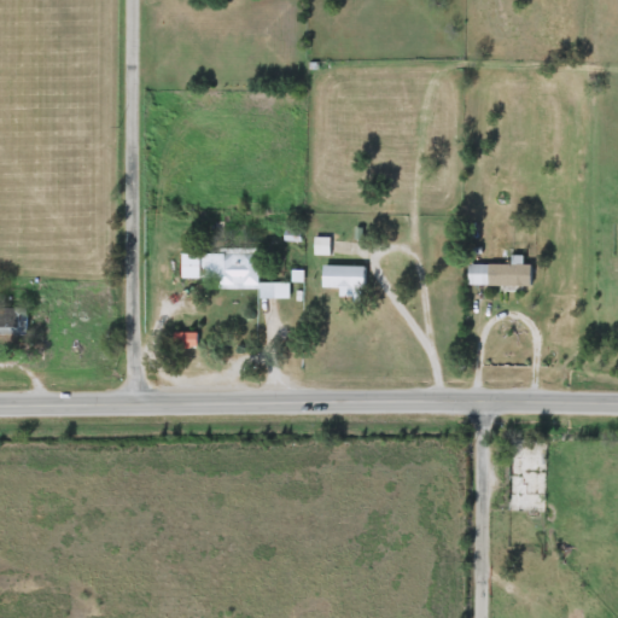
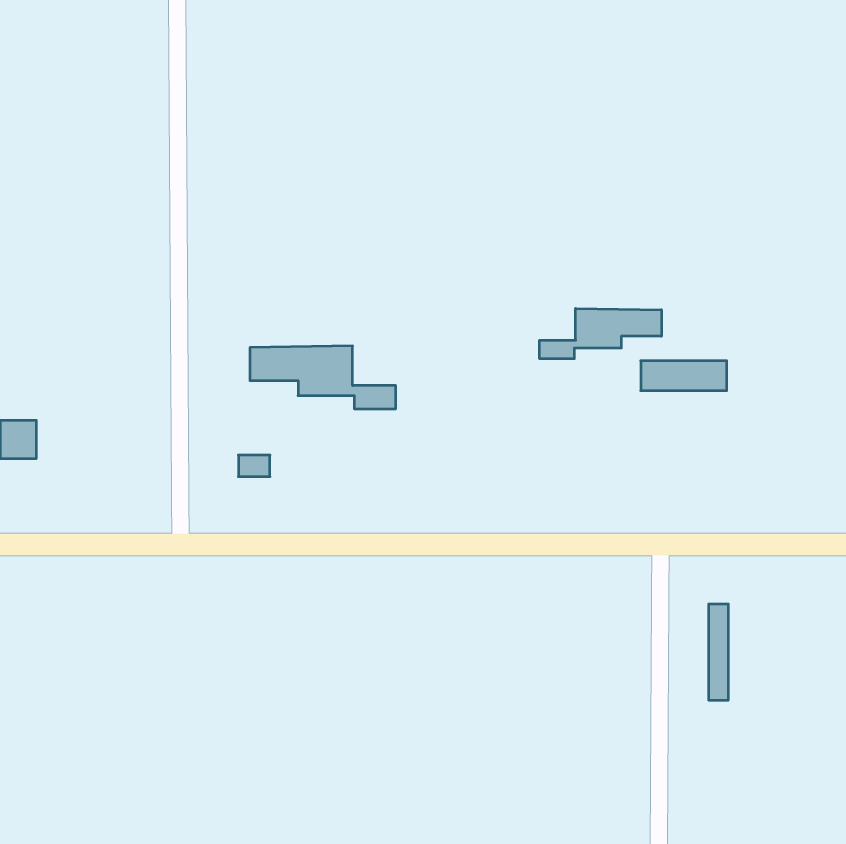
building: none -> [540,308,661,359]
building: [322,266,365,287] -> none

